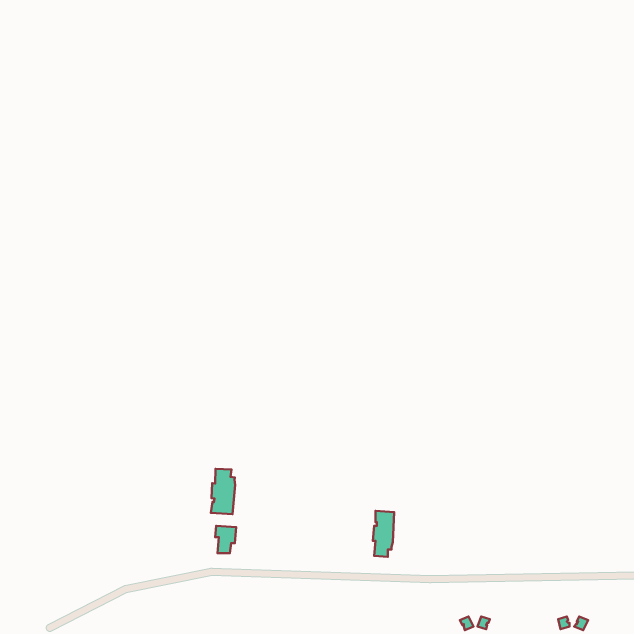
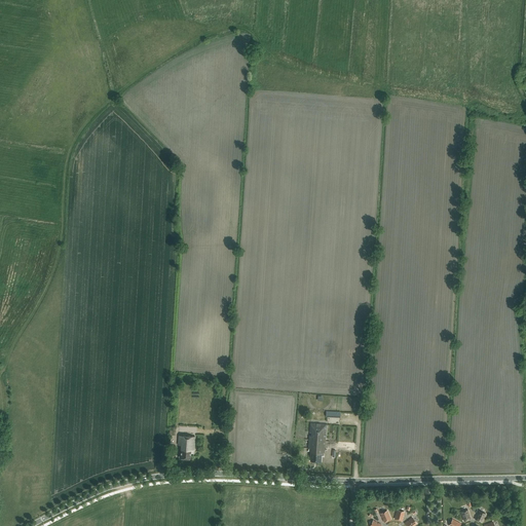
building: [211,469,235,514] -> none

